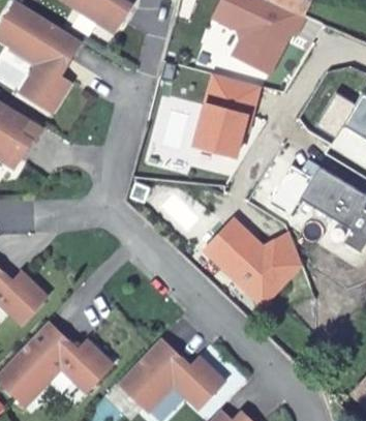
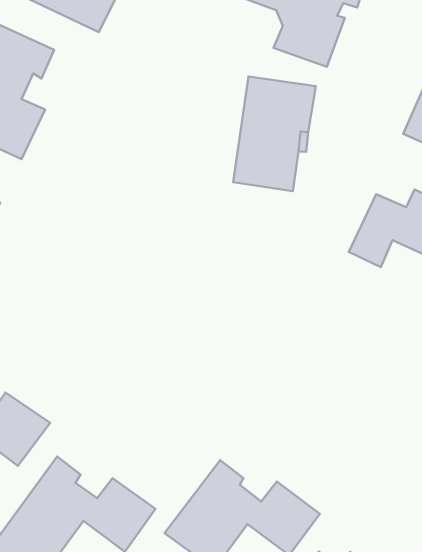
building: [205,220,301,305] -> none

